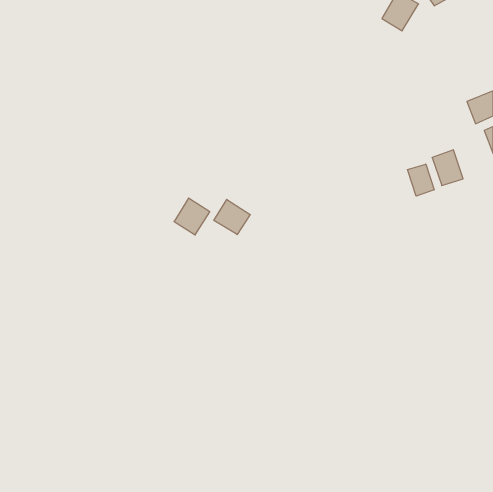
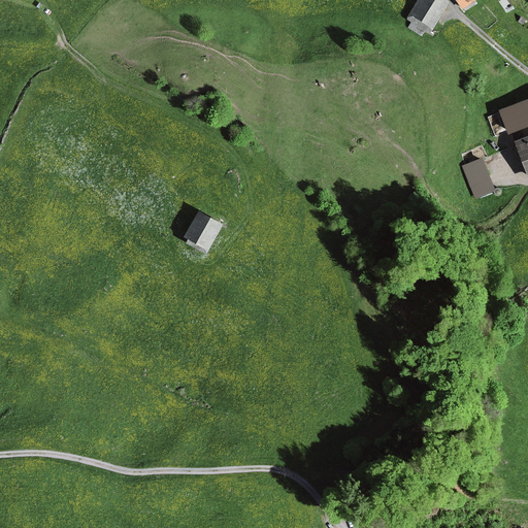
building: [407,164,434,196] -> none
building: [214,199,250,235] -> none

